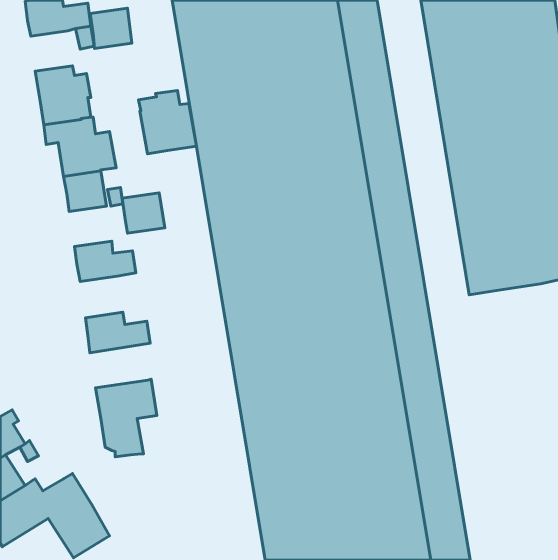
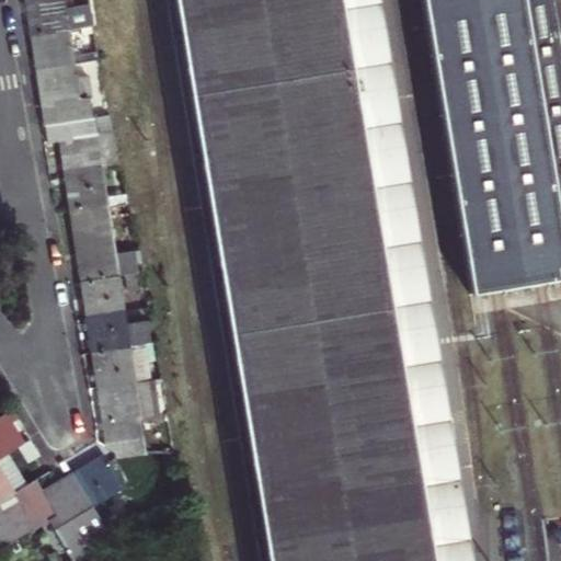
building: [90,8,132,49] -> [33,31,75,71]
building: [139,90,196,154] -> none
building: [122,193,165,233] -> [71,206,114,247]
building: none -> [82,276,125,318]
building: none -> [92,343,159,388]
building: none -> [75,455,125,505]

